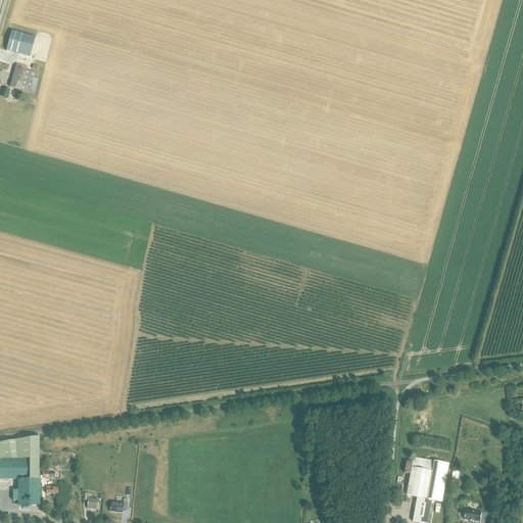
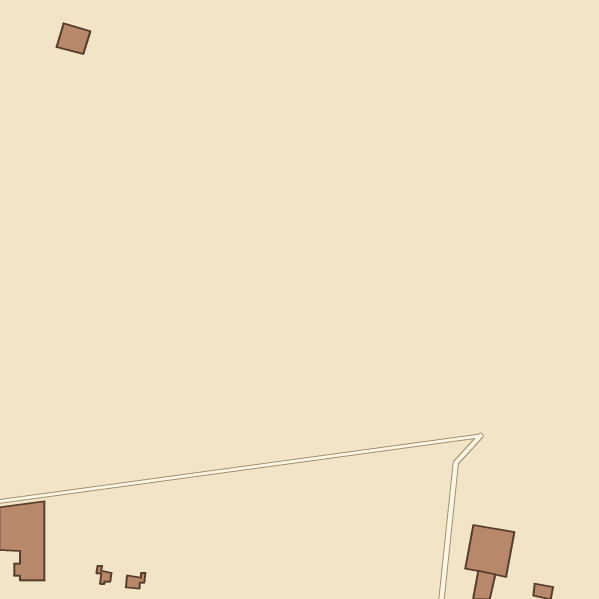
building: [5,30,35,56] -> [56,23,90,54]
building: [9,63,34,93] -> none

